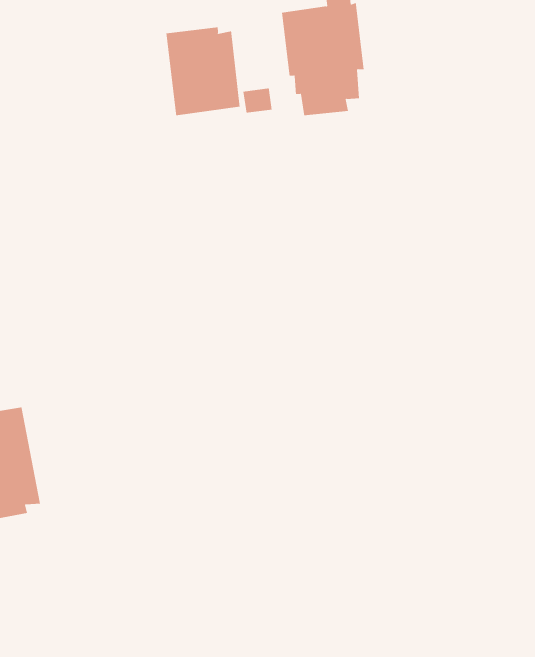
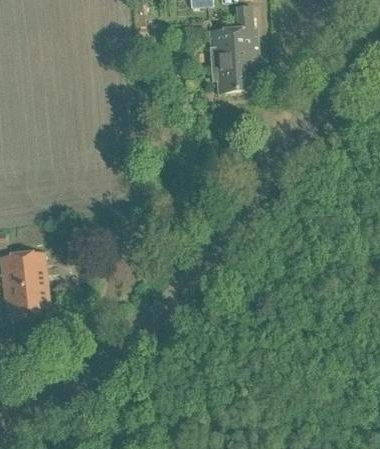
building: [166,27,240,116] -> none

